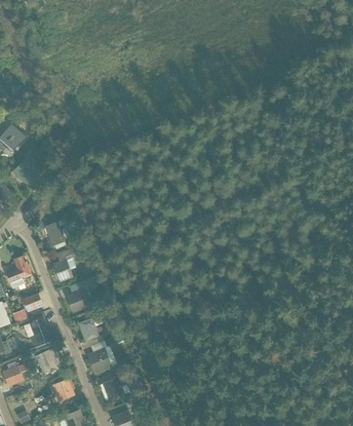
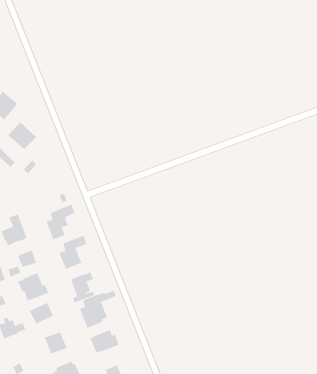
building: [43,220,65,248] -> none

